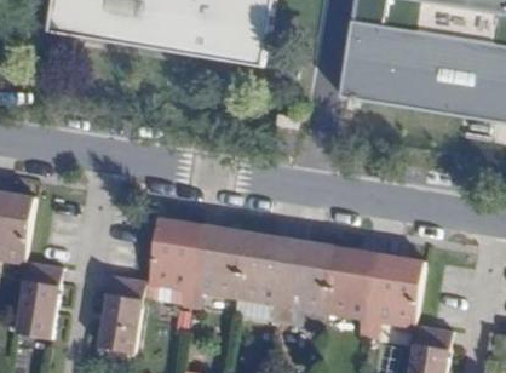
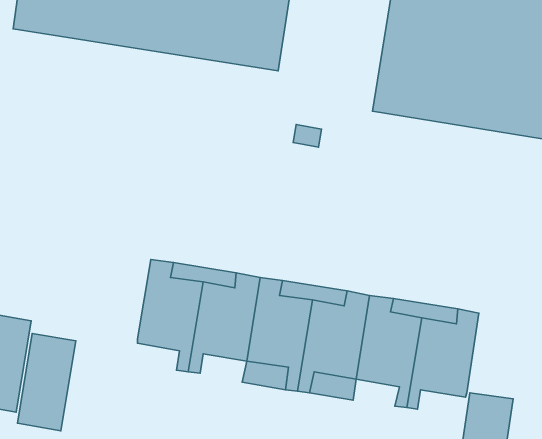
building: [98,275,145,354] -> [17,333,76,431]

